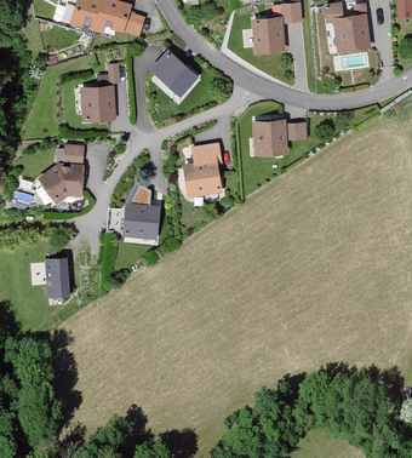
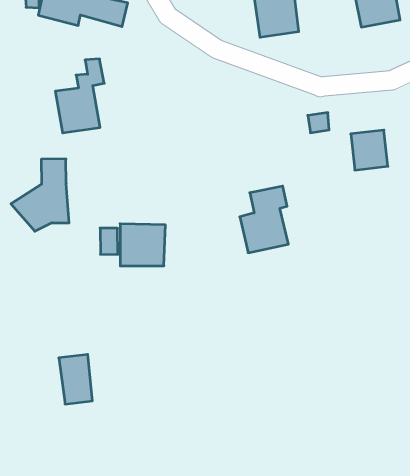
building: [149,47,200,97] -> none
building: [257,120,286,151] -> [351,130,388,170]
building: [183,143,223,196] -> [240,186,288,253]
building: [45,258,70,298] -> [59,354,92,404]

